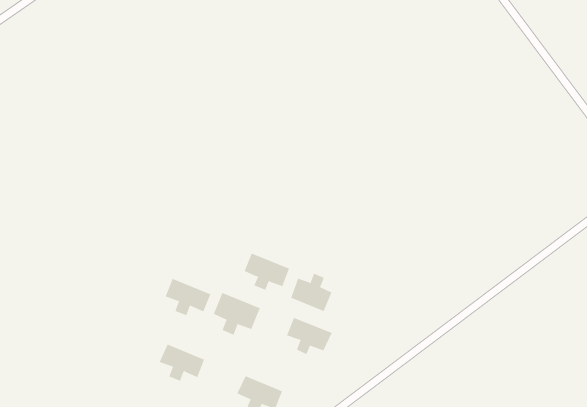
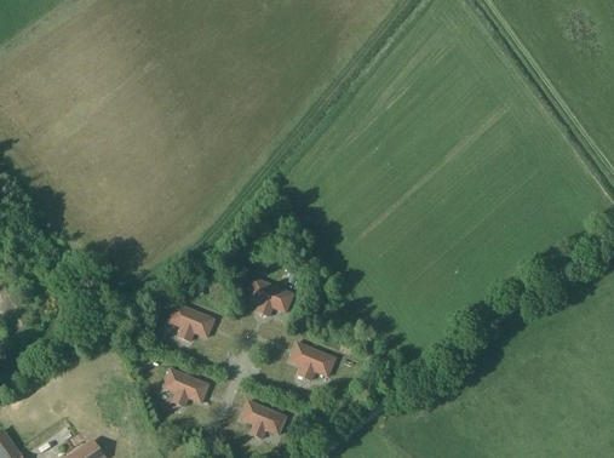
building: [290,273,332,312] -> none
building: [213,292,261,335] -> none

